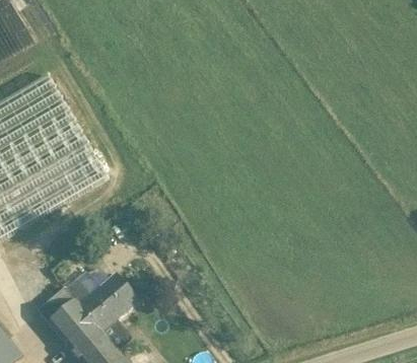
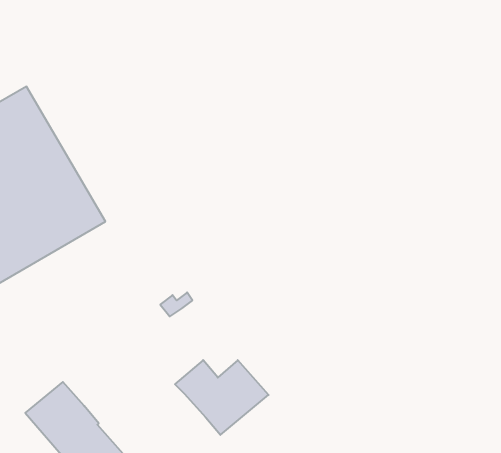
building: [67,274,138,331] -> [175,360,269,435]

